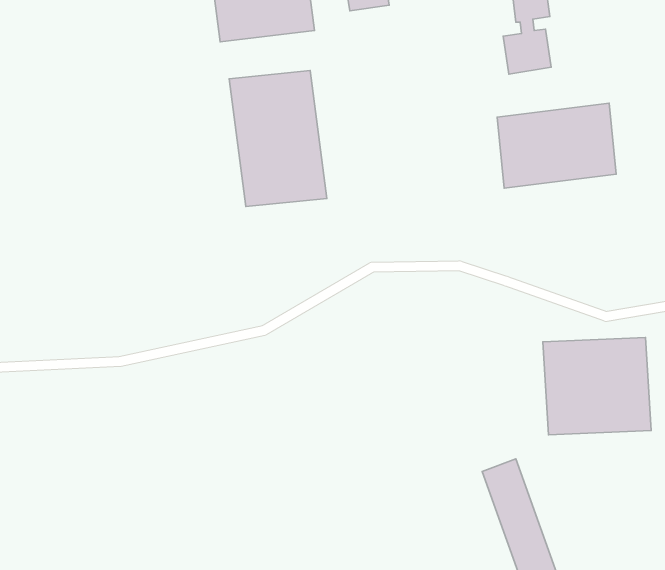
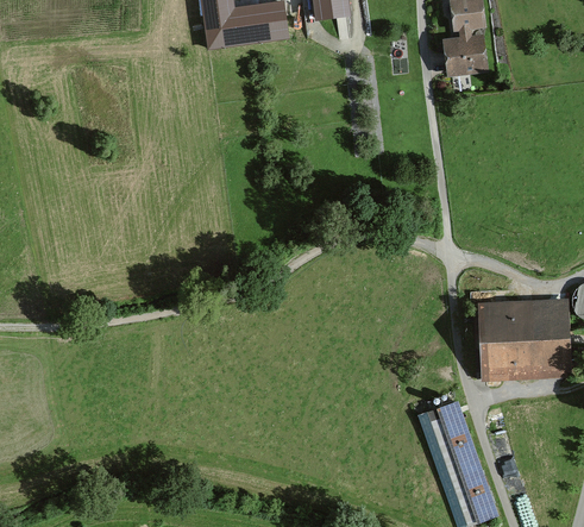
building: [229,71,327,207] -> none
building: [497,103,616,188] -> none

